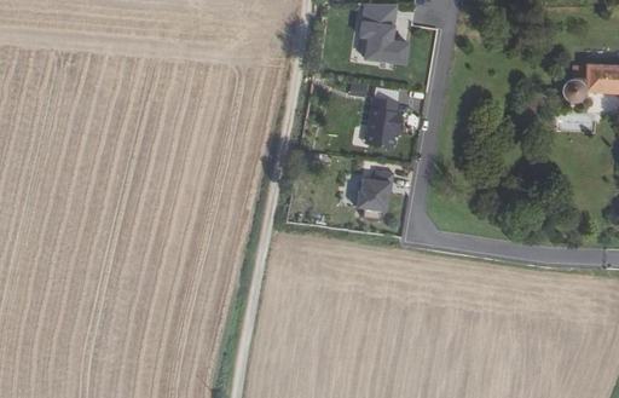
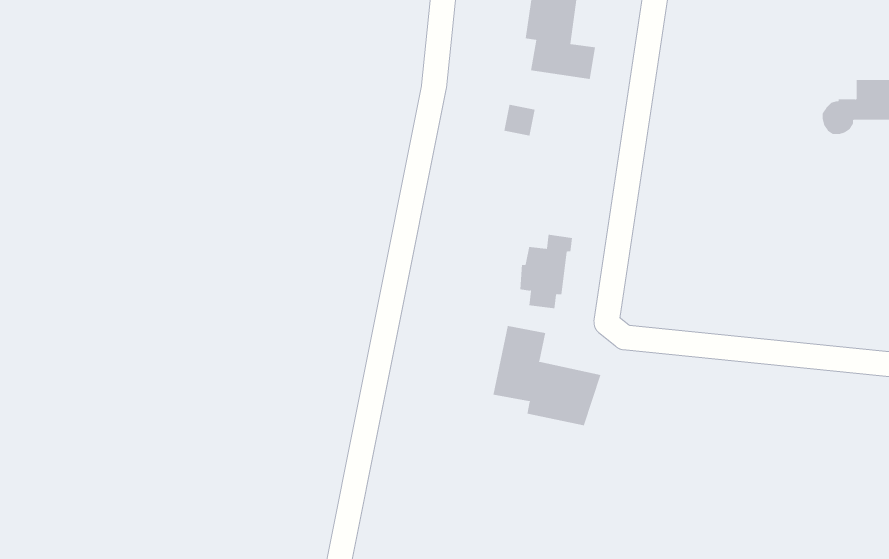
building: [366,98,400,149] -> none
building: none -> [493,325,601,426]

